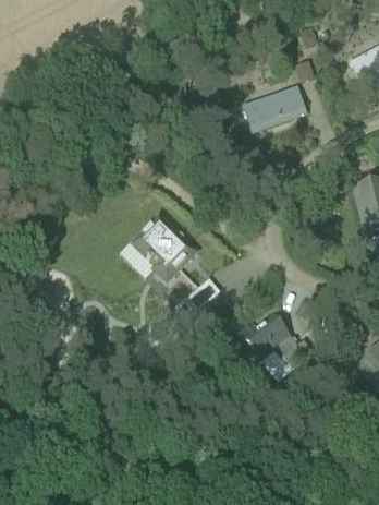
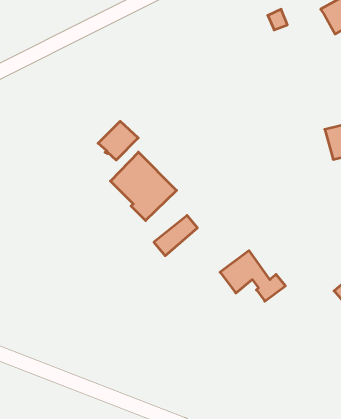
building: [244,87,306,131] -> none
building: none -> [98,121,138,160]

